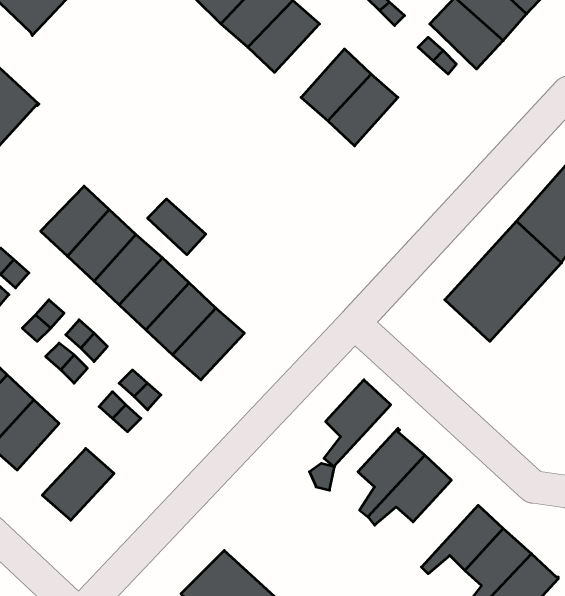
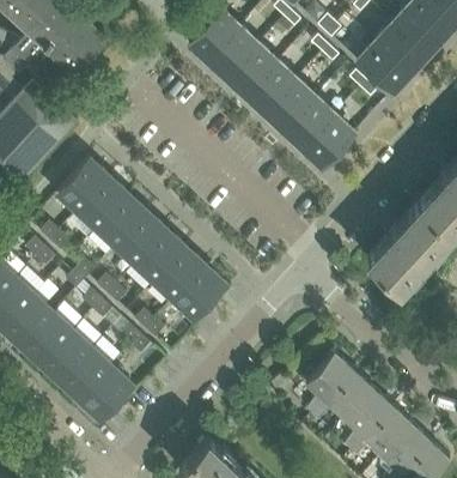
building: none -> [245,62,295,115]
building: none -> [303,115,354,168]
building: none -> [57,159,109,211]
building: [148,199,206,255] -> none
building: [324,380,391,467] -> [343,389,391,452]
building: none -> [61,349,110,400]

